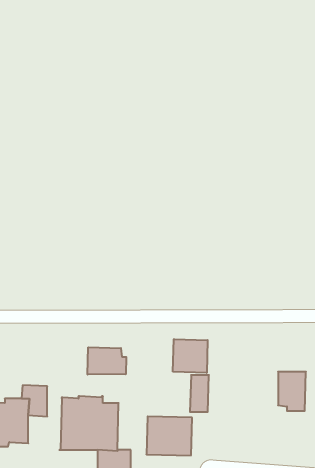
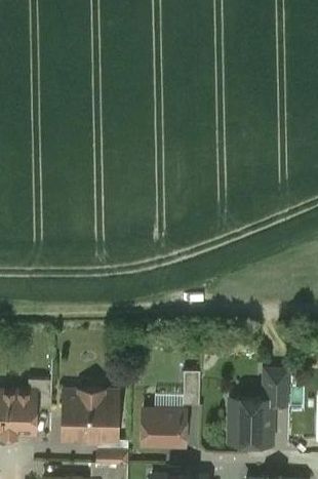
building: [173,339,208,373] -> none
building: [88,347,126,375] -> none
building: none -> [230,399,272,443]

